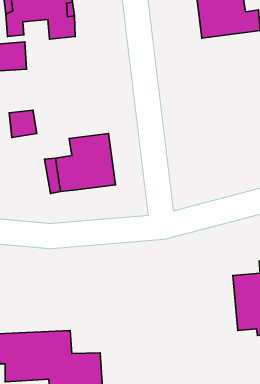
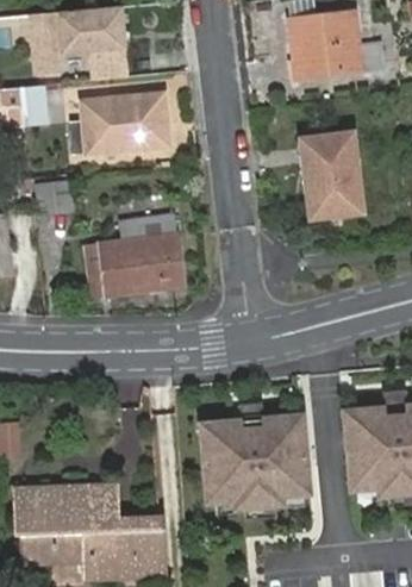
building: none -> [70,98,164,156]
building: none -> [312,131,366,216]
building: none -> [201,400,307,506]

